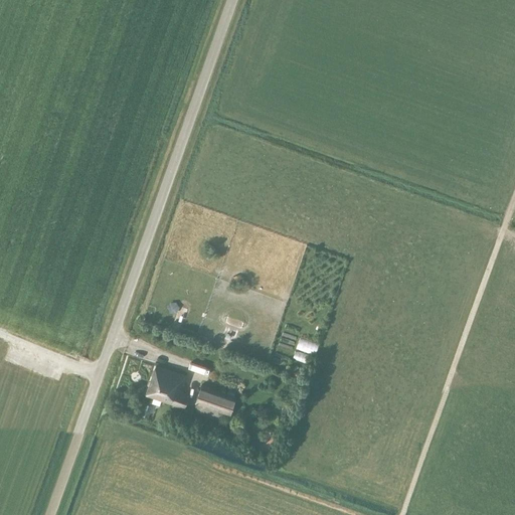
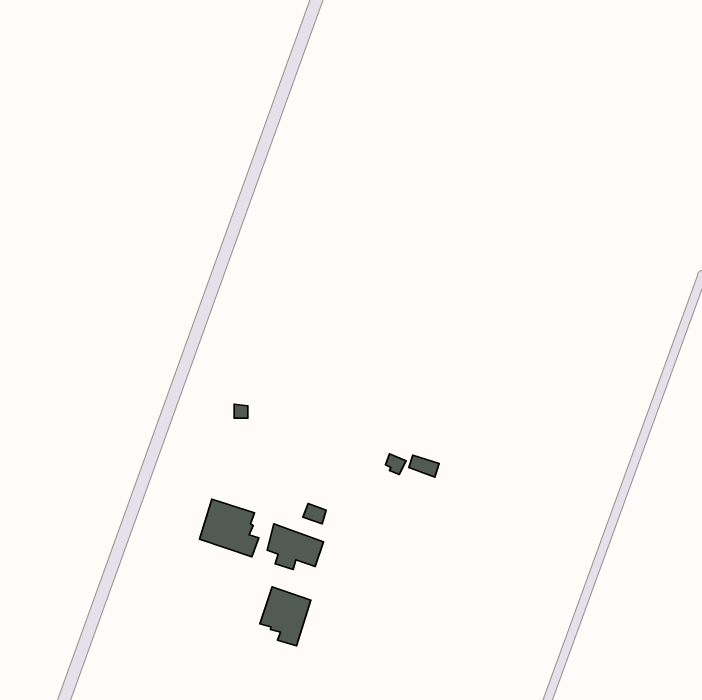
building: none -> [260,587,311,646]

